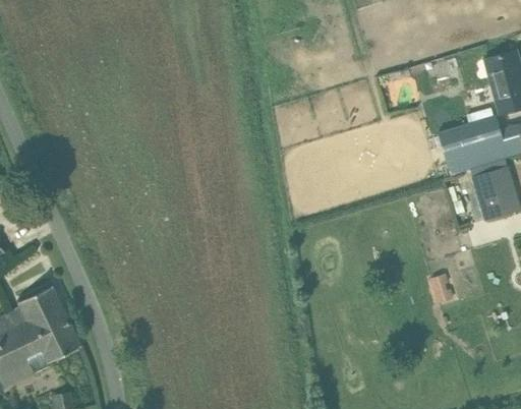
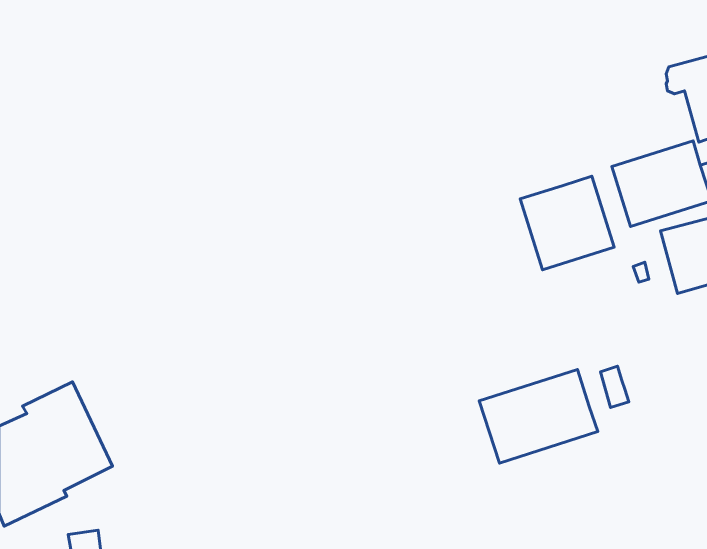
building: none -> [520,176,614,270]
building: none -> [479,369,598,463]

